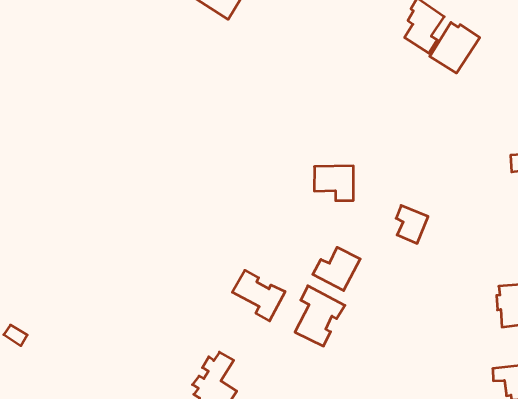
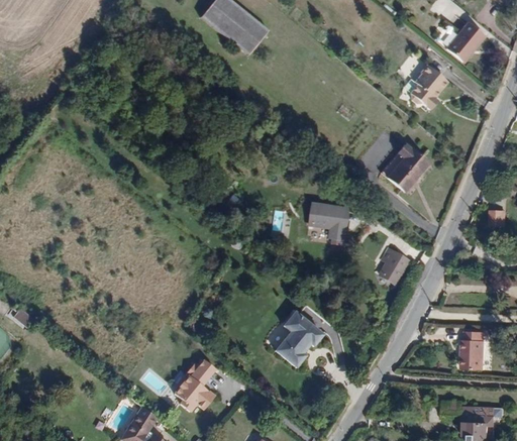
building: [430,22,480,73] -> [384,146,431,193]
building: [313,247,360,291] -> none
building: [232,270,285,321] -> none

